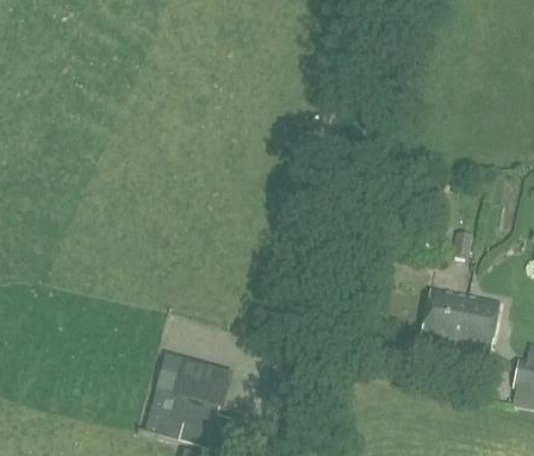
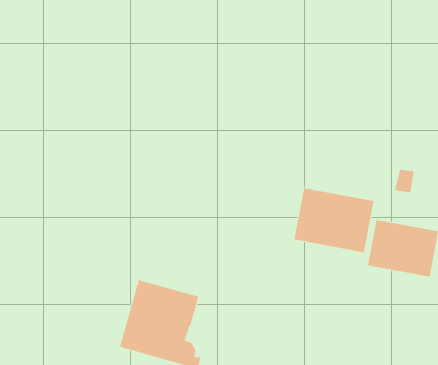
building: none -> [294,187,374,253]

